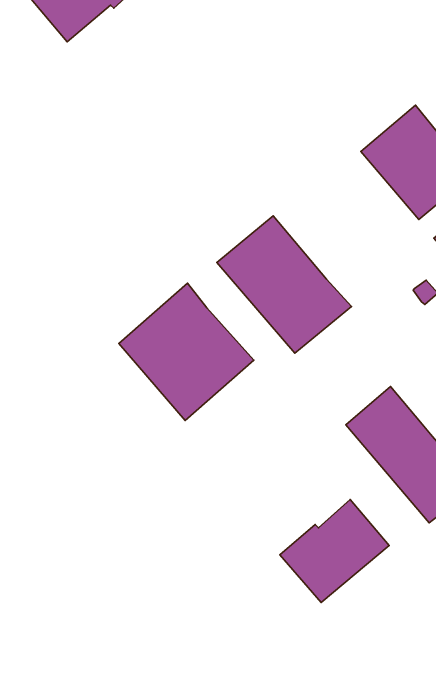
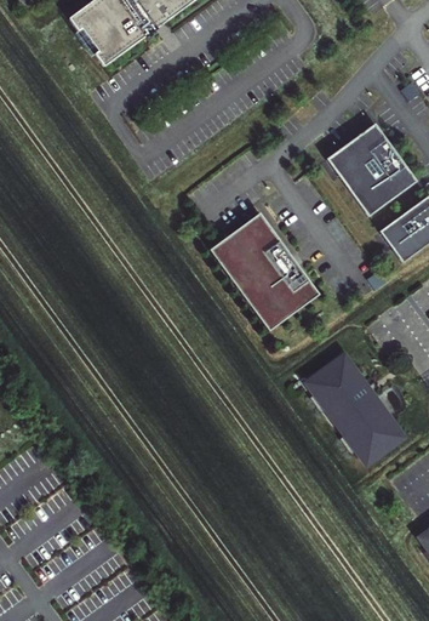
building: [119,283,254,420] -> none
building: [280,500,389,603] -> none

